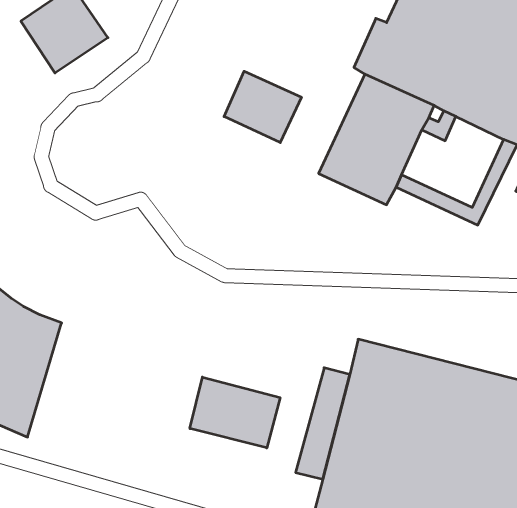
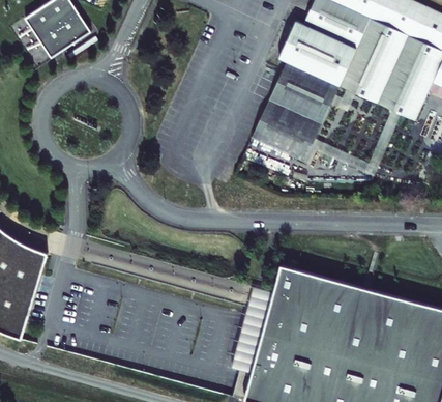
building: [224,71,301,143] -> none
building: [190,377,280,448] -> none

